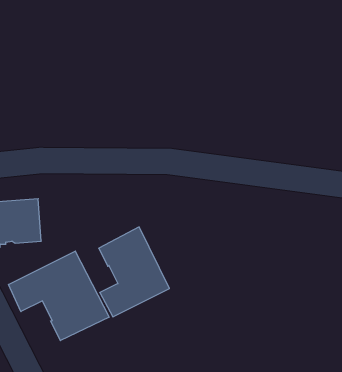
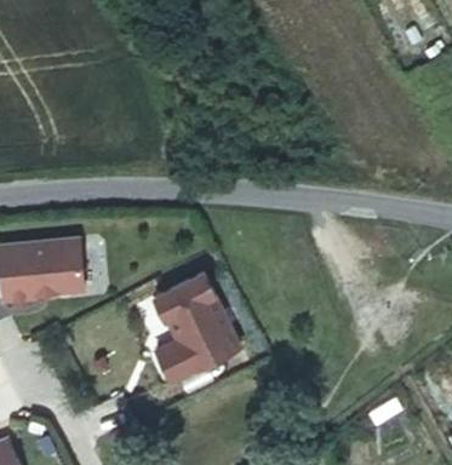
building: [9,251,109,341] -> none

